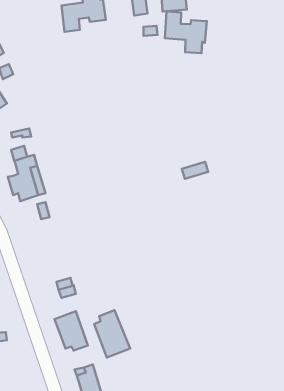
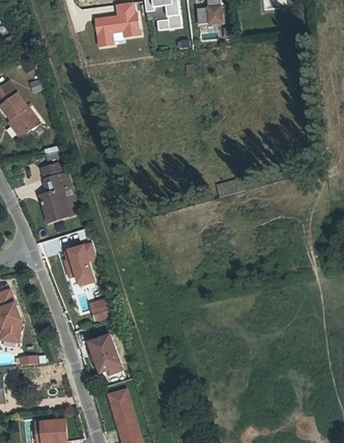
building: [165,12,207,53] -> none
building: none -> [63,245,94,287]
building: [94,310,130,357] -> none

